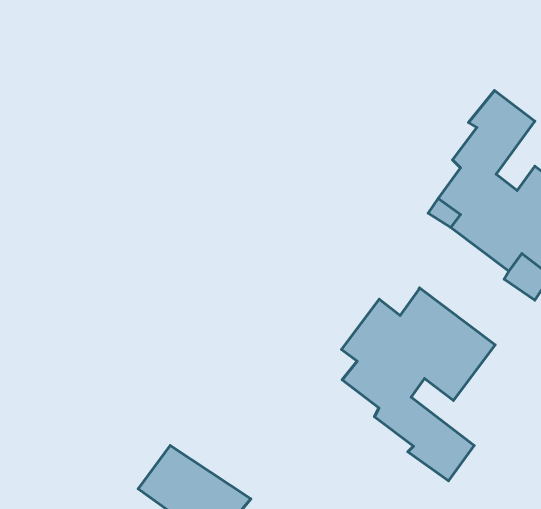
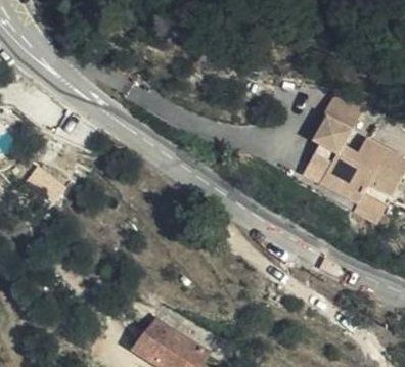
building: [342,288,495,481] -> none

